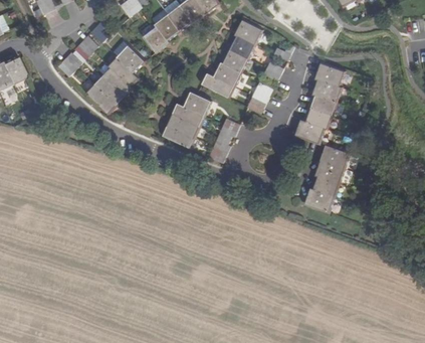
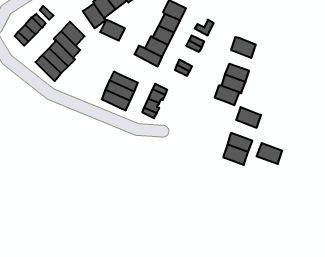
building: [312,78,341,102] -> none
building: [184,92,213,116] -> [100,20,125,41]
building: [314,159,345,183] -> [256,143,282,164]

